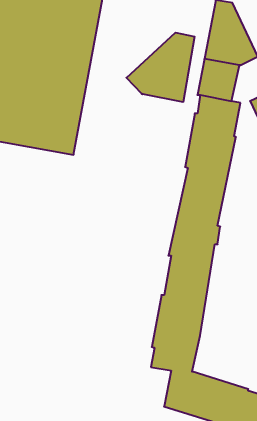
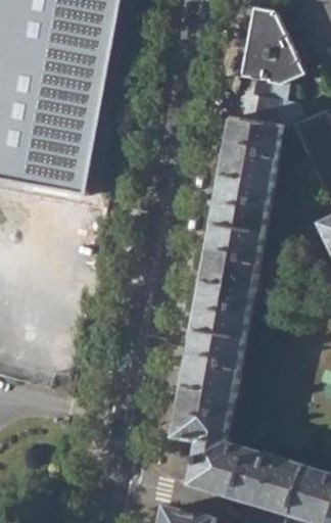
building: [126,33,195,102] -> none

